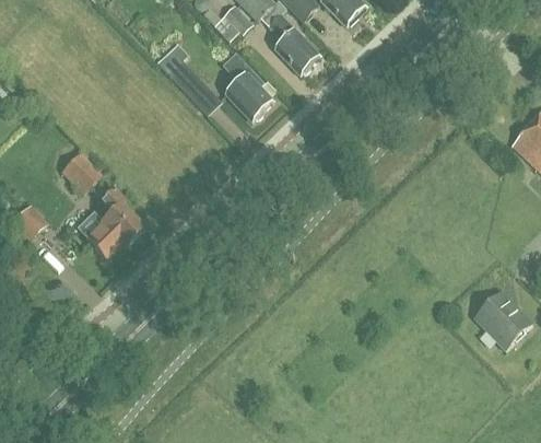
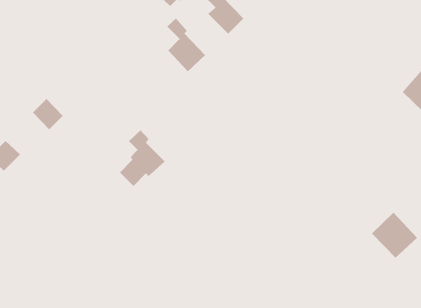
building: [166,57,222,114] -> none
building: [86,187,143,257] -> [119,129,166,187]

